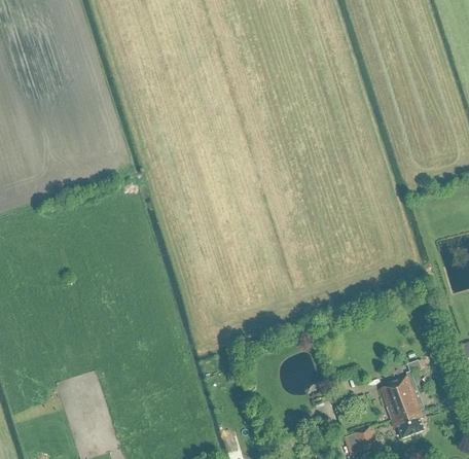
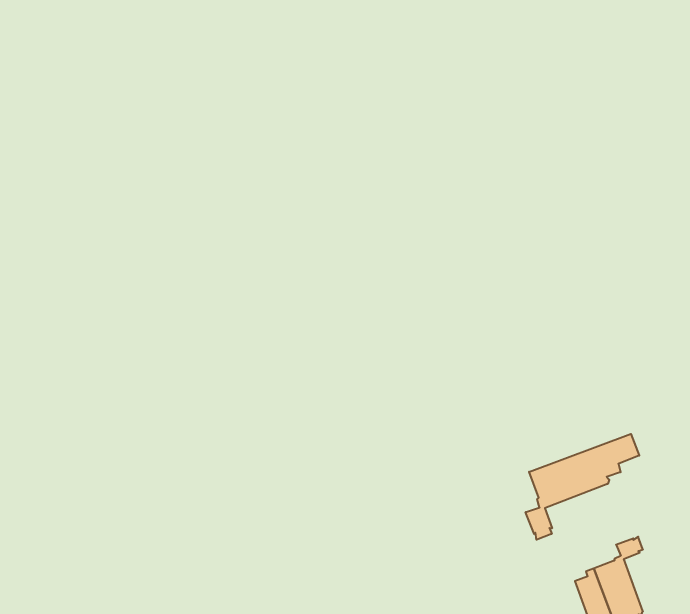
building: none -> [526,434,639,540]

